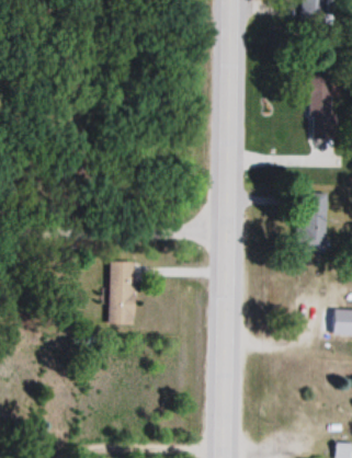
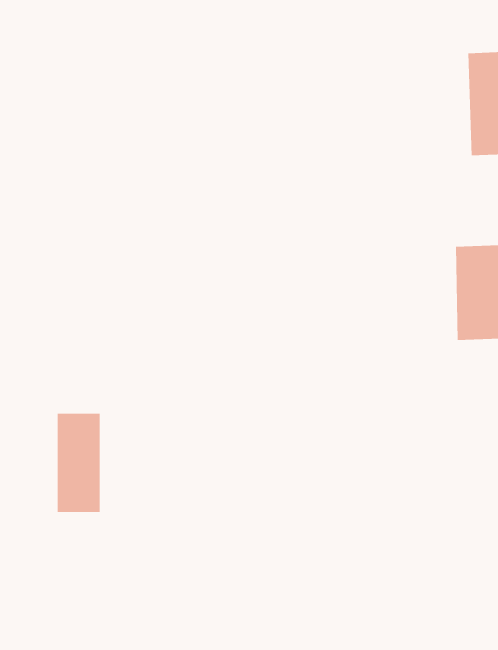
building: [109,262,136,324] -> [57,413,100,513]

